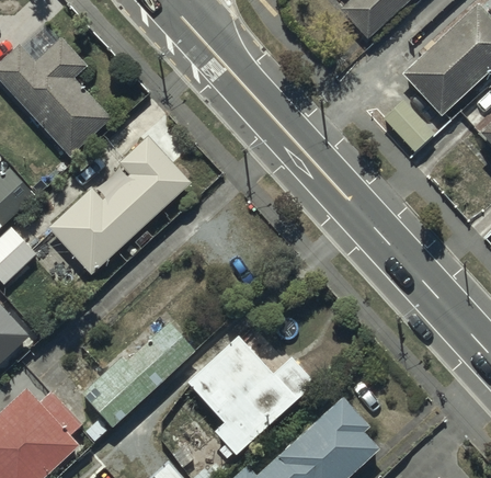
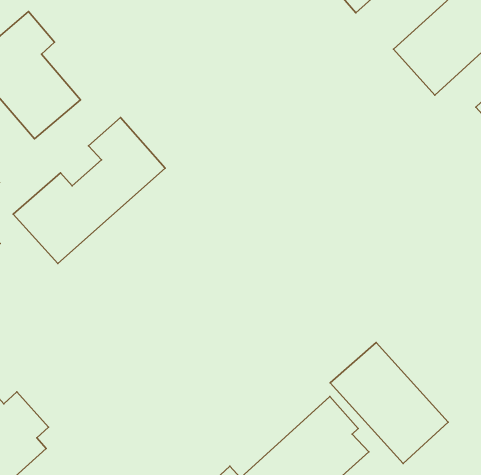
building: [81,316,196,426] -> none
building: [187,335,313,454] -> none
building: none -> [330,343,448,464]

